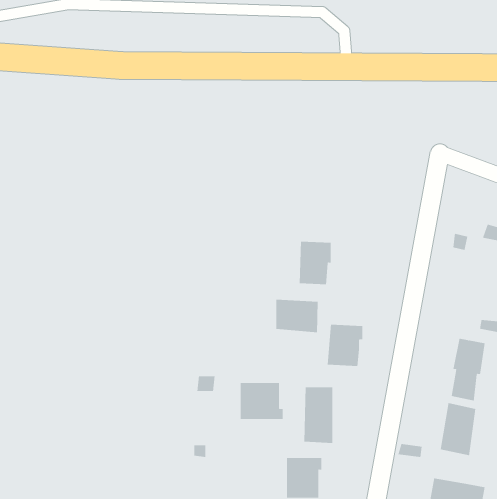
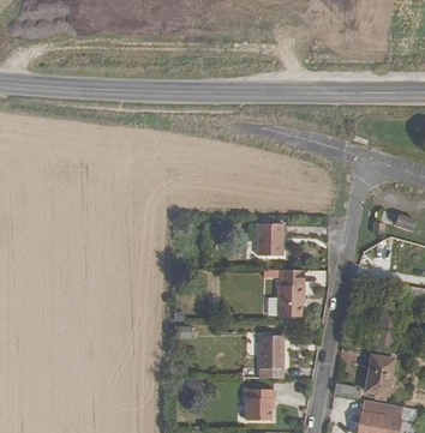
building: [276,299,318,333] -> none
building: [240,382,283,420] -> none

